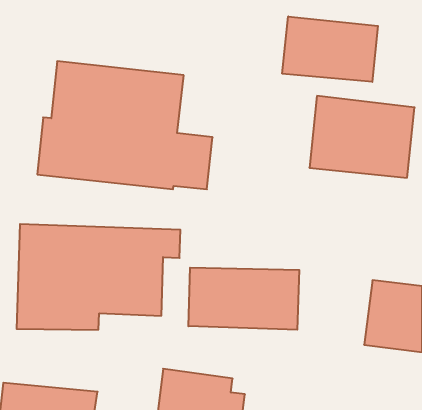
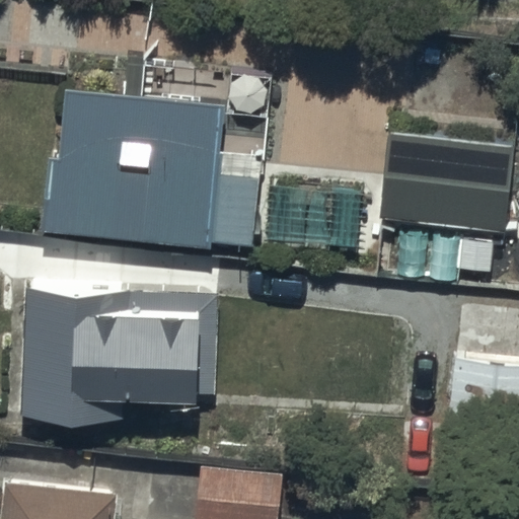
building: [282,16,378,82] -> none
building: [188,268,299,330] -> none

